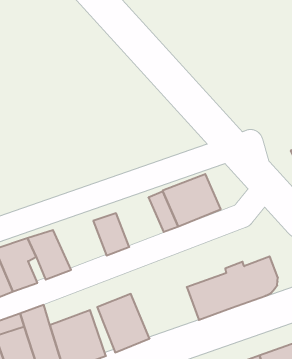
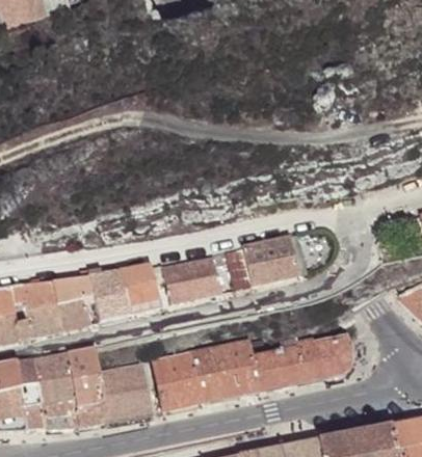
building: none -> [187,258,221,300]
building: none -> [116,264,161,315]
building: none -> [189,340,258,402]

